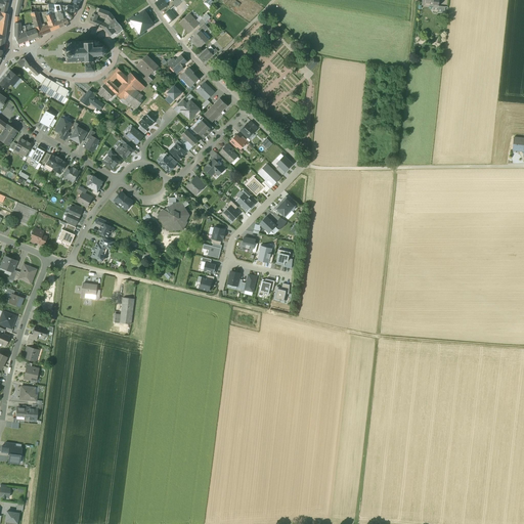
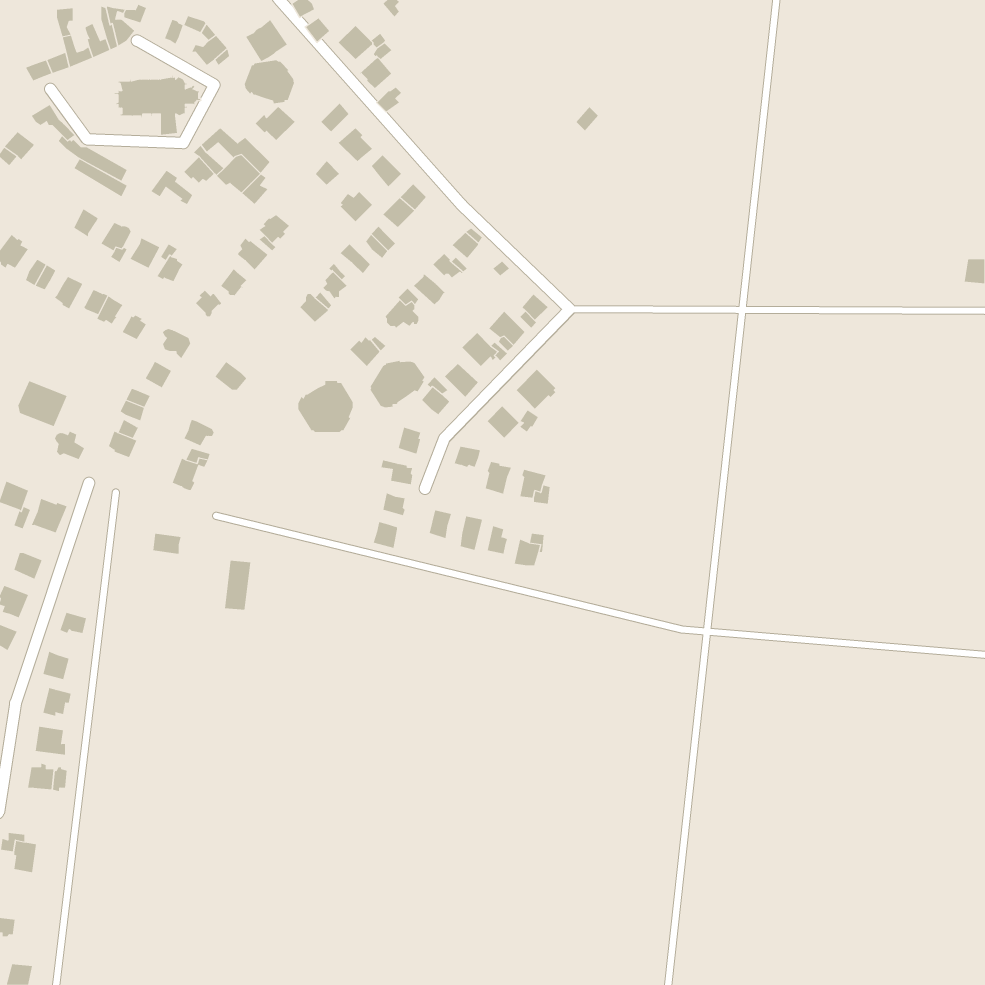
building: none -> [244,60,295,104]
building: none -> [370,360,425,408]

